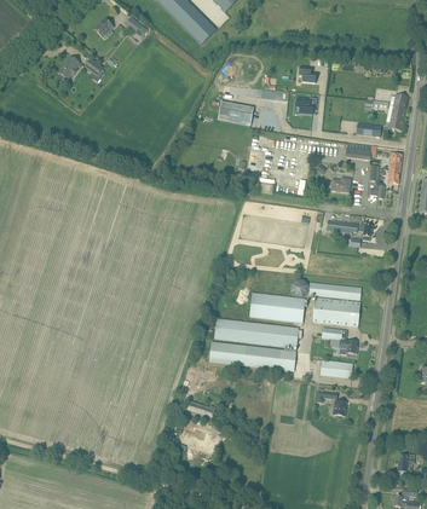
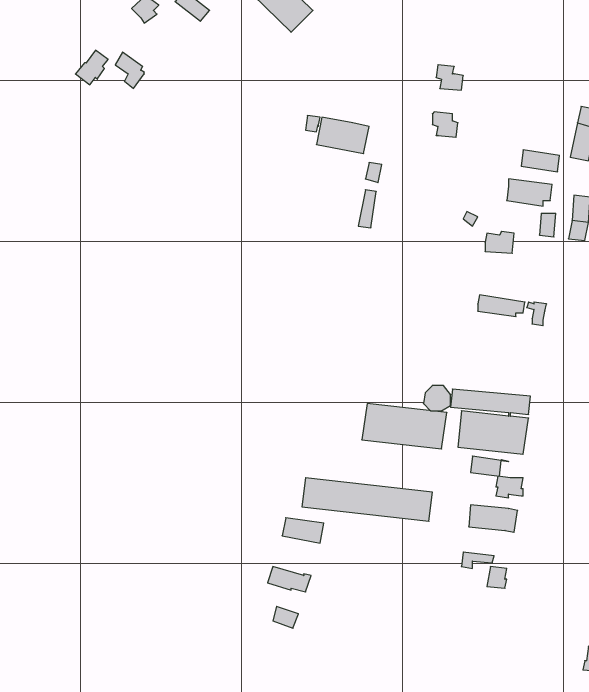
building: [210,317,299,347] -> none

